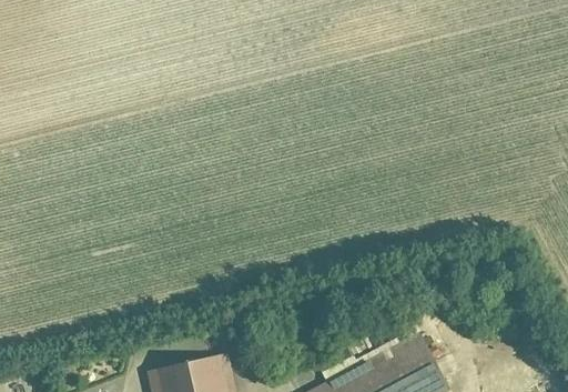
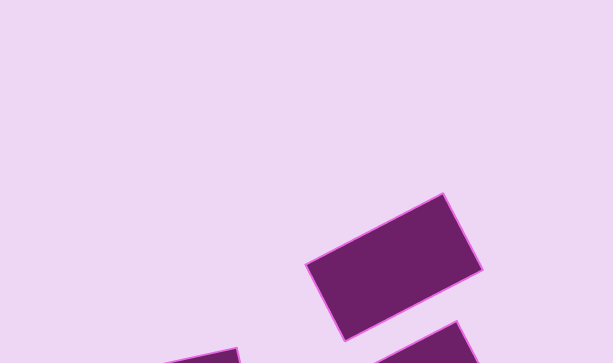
building: none -> [305,193,483,341]

